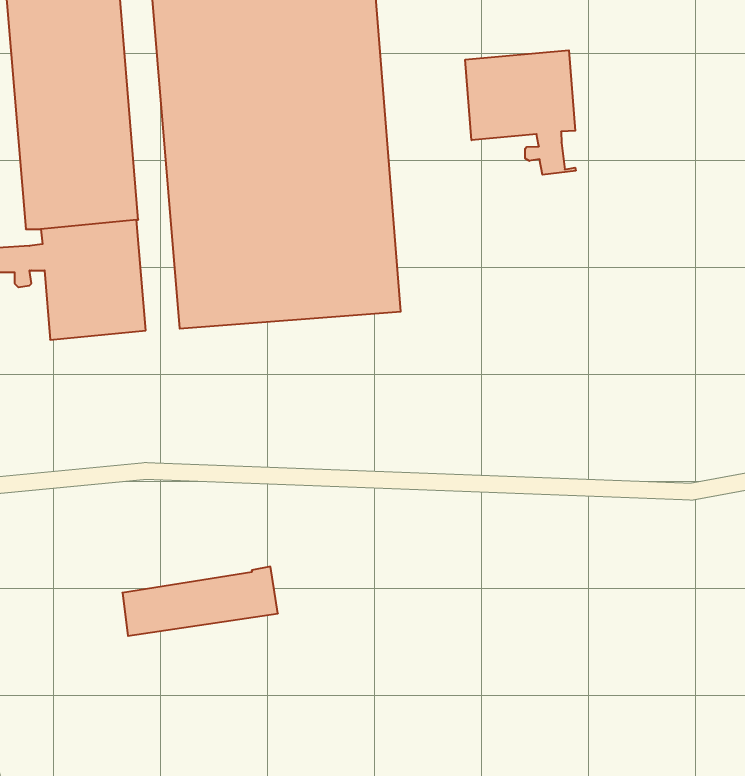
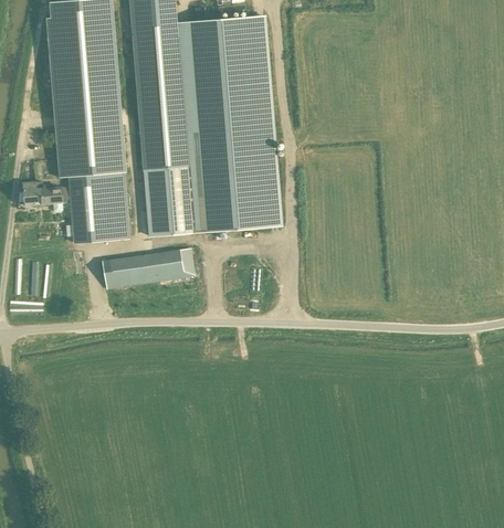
building: [465,50,576,175] -> none
building: [122,567,278,636] -> [102,246,193,287]

